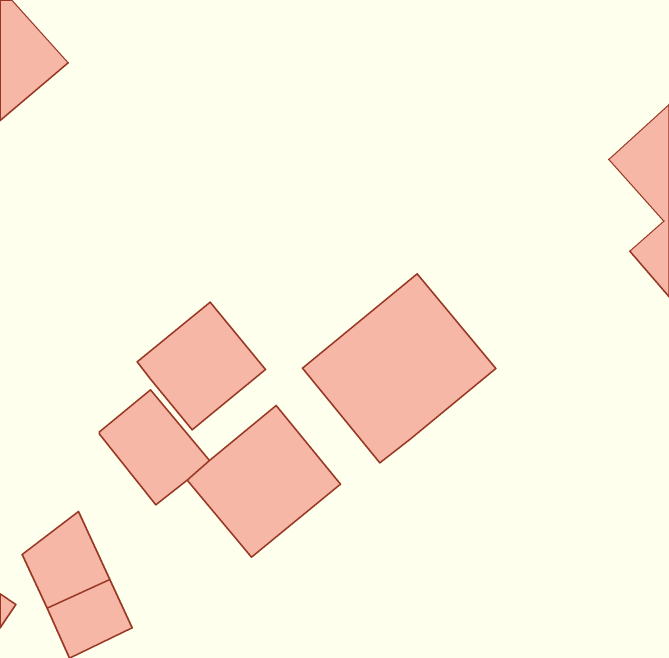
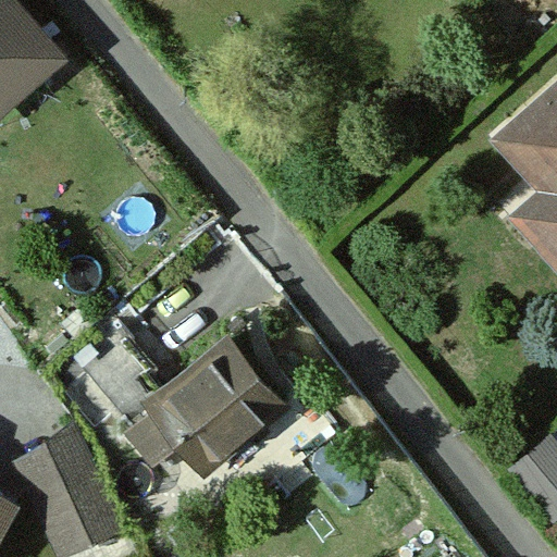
building: [303,274,496,463] -> none
building: [137,302,265,430] -> none

